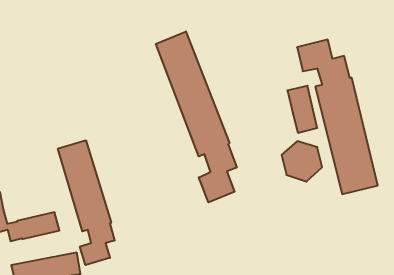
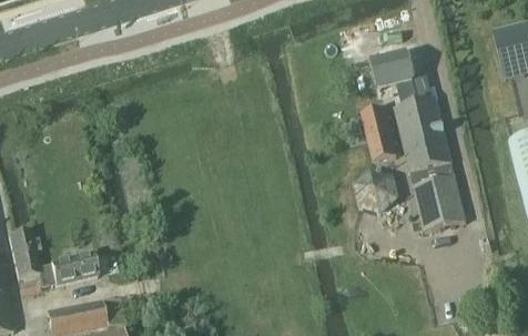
building: [156,31,237,202] -> none
building: [58,140,115,265] -> none

